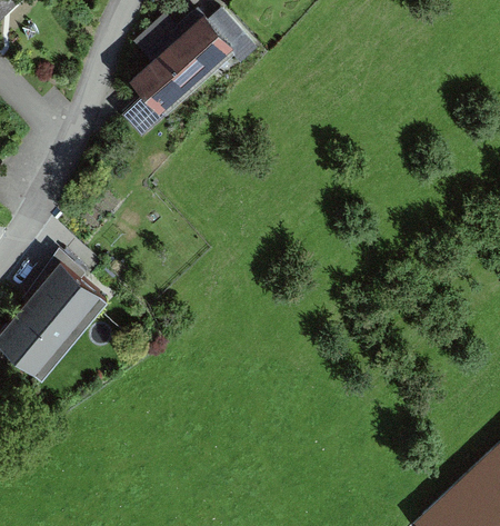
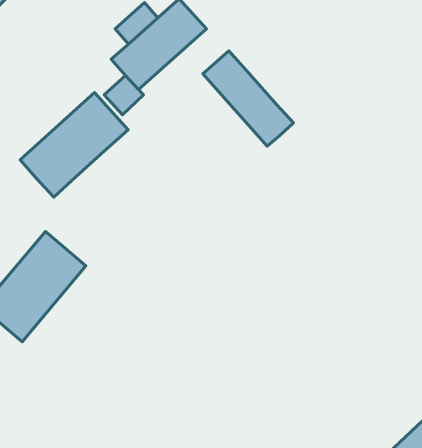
building: none -> [203,51,293,146]
building: none -> [20,93,128,197]

